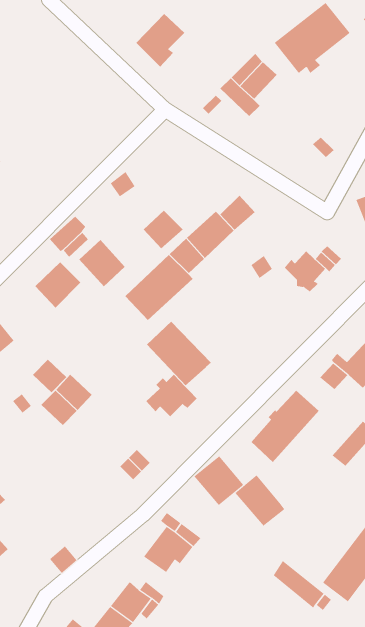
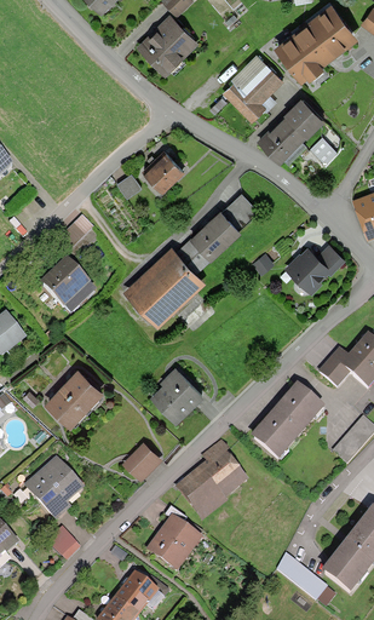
building: none -> [259,98,321,159]
building: [143,210,183,249] -> [143,150,183,189]
building: [79,239,125,287] -> none
building: [146,321,212,386] -> none
building: [32,359,67,393] -> none
building: none -> [25,458,79,516]
building: [235,475,285,526] -> [176,471,225,522]

